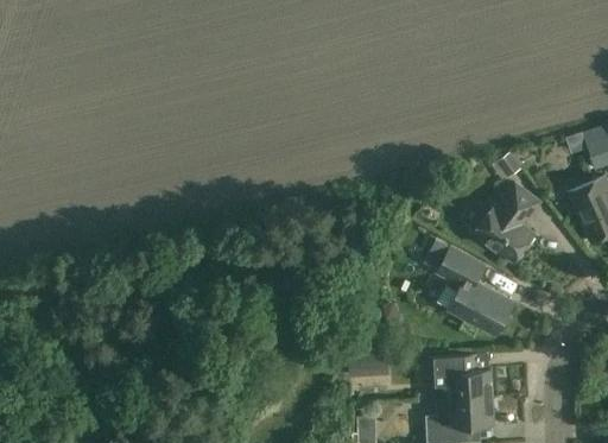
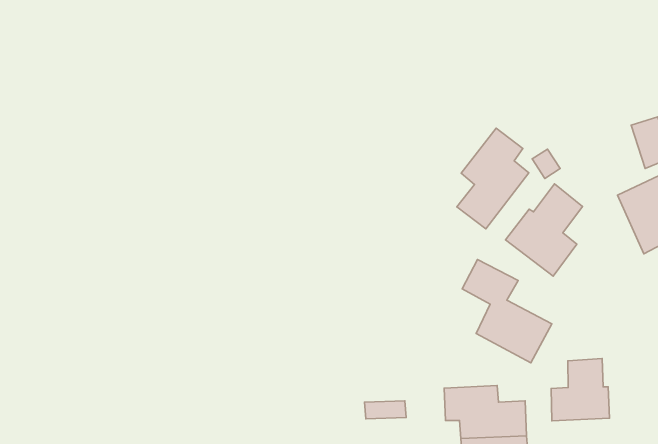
building: none -> [457,128,529,229]
building: none -> [551,359,610,421]

